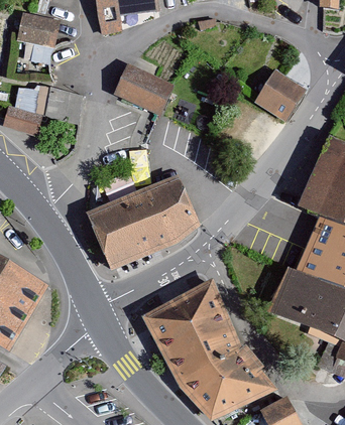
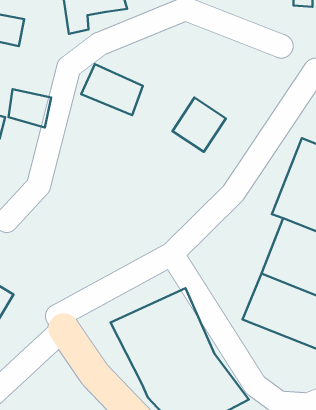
building: [254,70,306,123] -> [173,98,226,152]
building: [87,177,200,269] -> none

